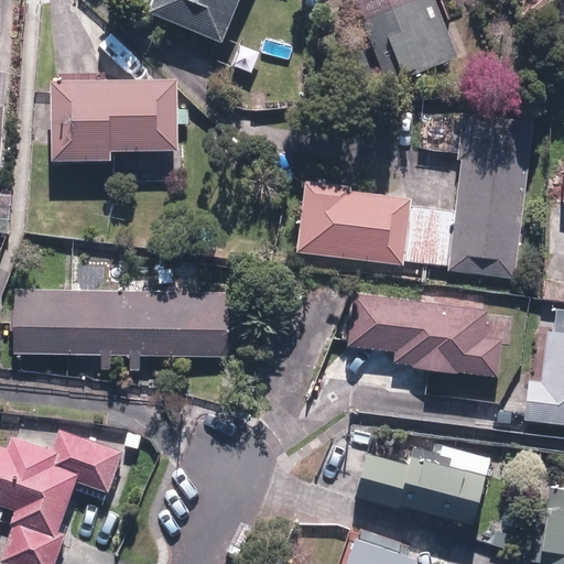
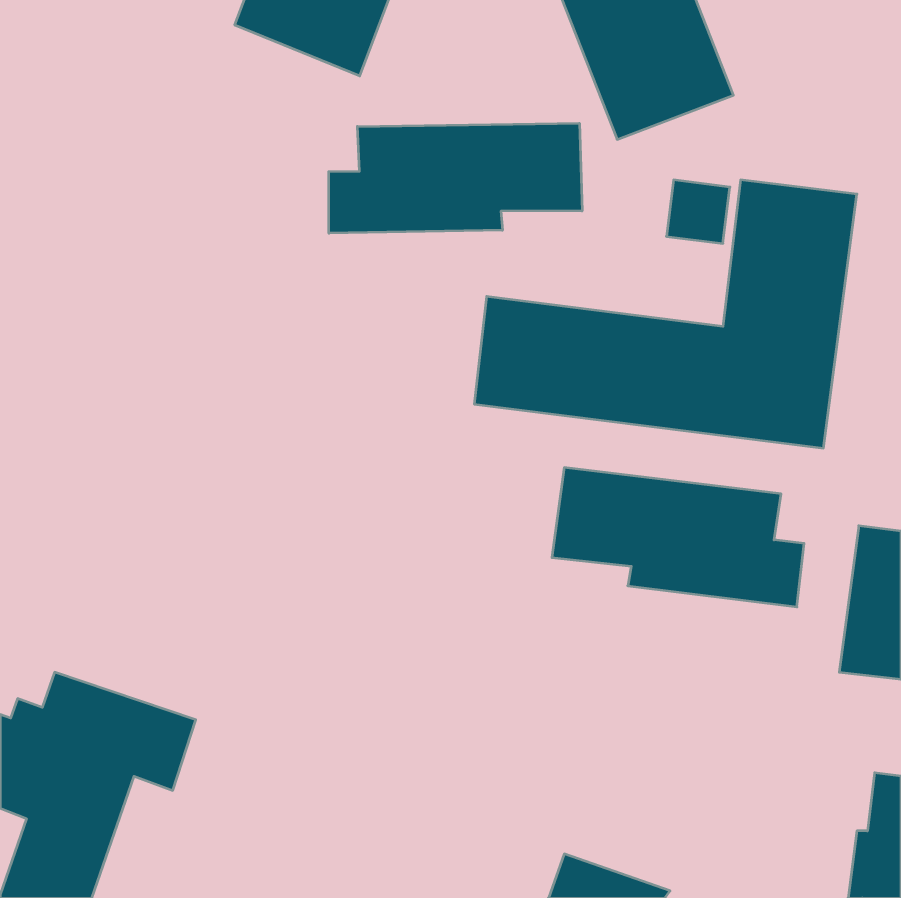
building: none -> [329,123,582,233]
building: [50,79,178,163] -> none
building: [12,268,229,357] -> none
building: [354,446,491,528] -> none

